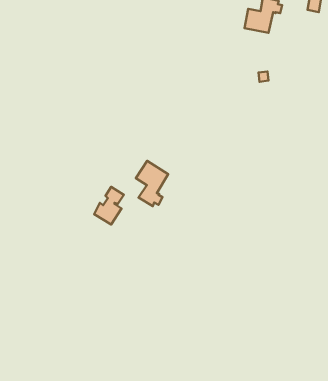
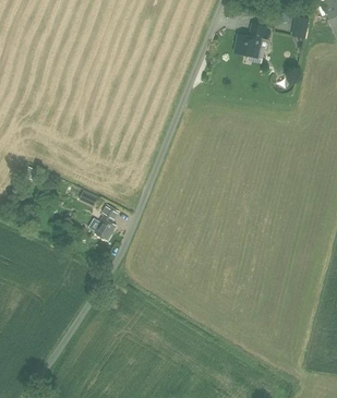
building: [136,161,168,206] -> none

